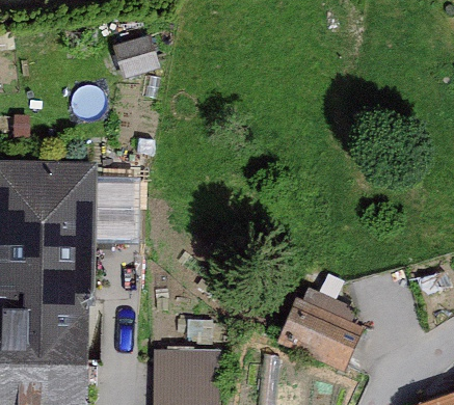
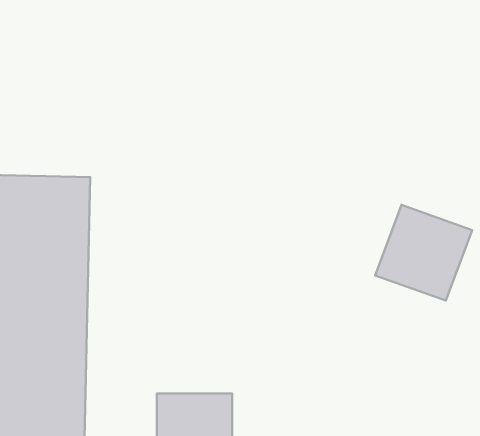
building: [279,289,364,372] -> [375,205,472,300]

